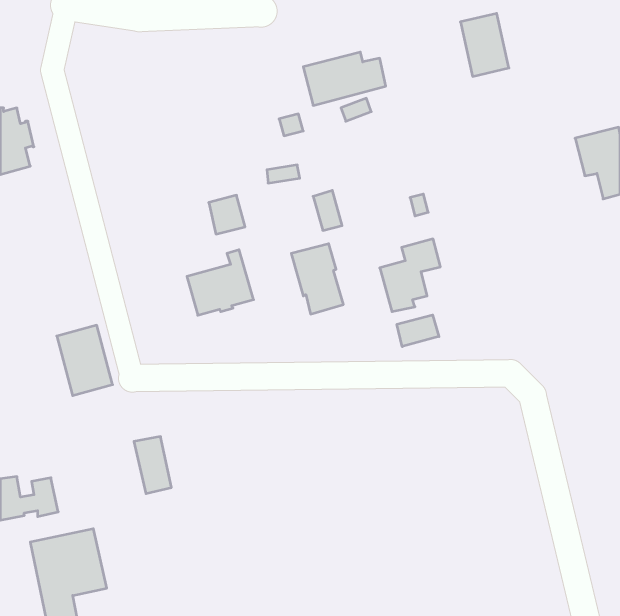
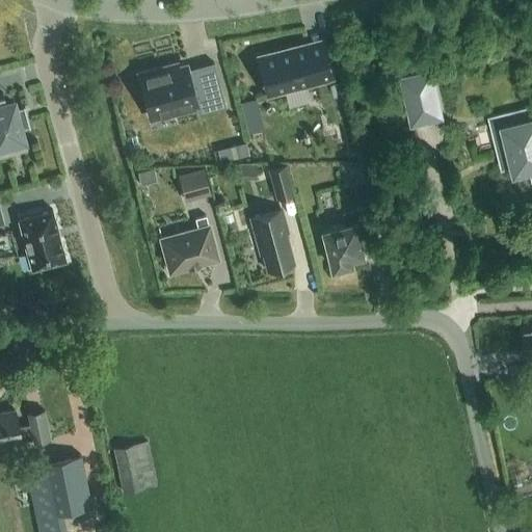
building: [460,13,509,76] -> [401,75,443,129]
building: none -> [137,64,225,118]
building: [397,315,439,347] -> none
building: [57,325,113,396] -> [18,211,65,271]
building: [134,437,171,494] -> [112,446,144,495]

